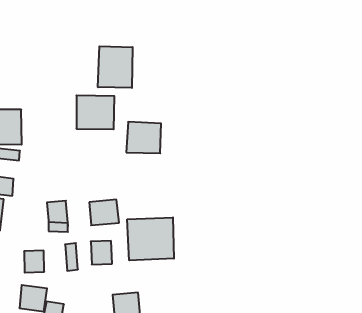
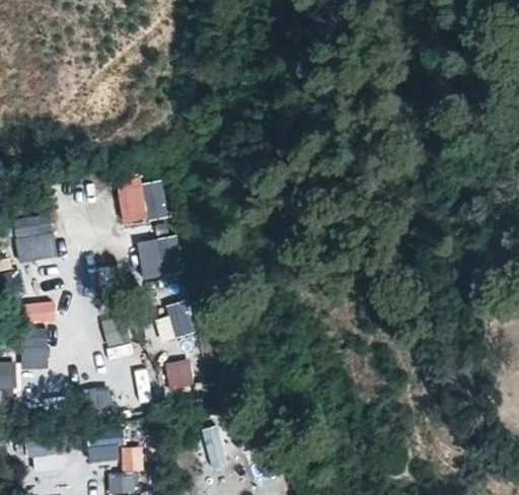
building: [98,46,133,88] -> none
building: [126,122,161,153] -> [137,236,183,280]
building: [127,217,174,260] -> none

